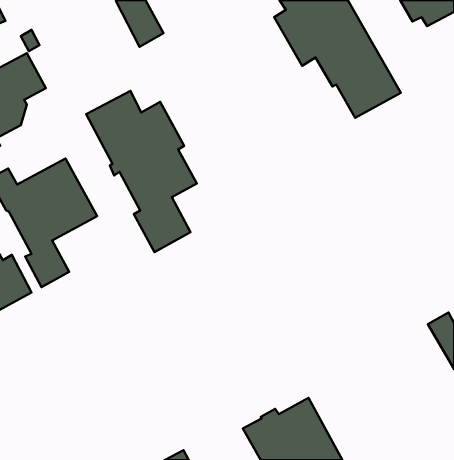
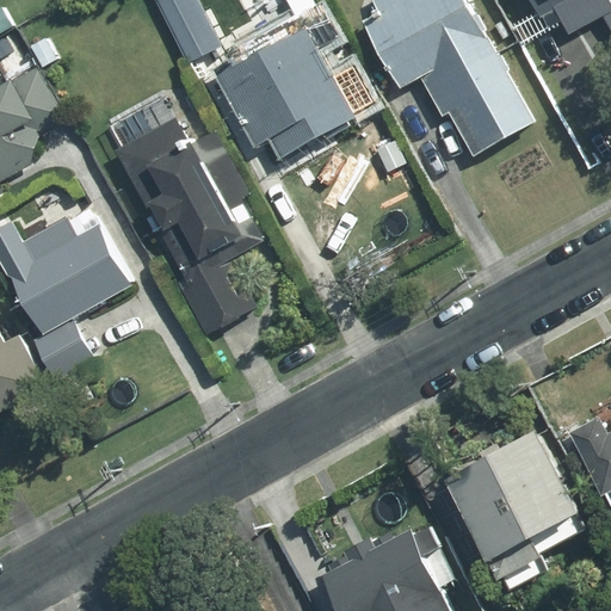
building: none -> [216,6,353,159]
building: none -> [451,425,580,570]

